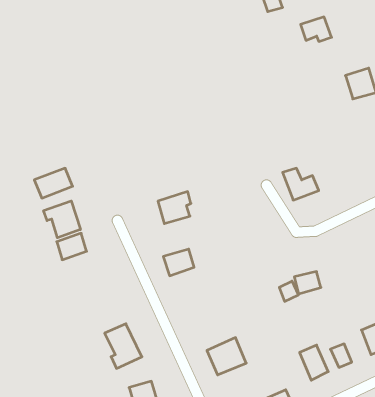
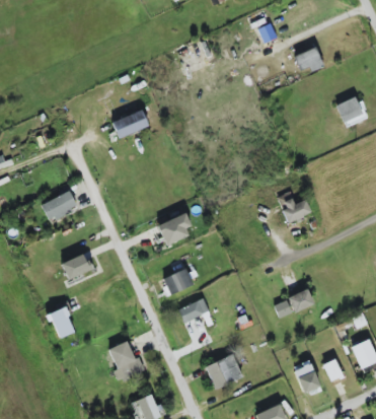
building: none -> [111,110,148,138]
building: [44,201,80,238] -> none
building: none -> [178,297,210,323]
building: none -> [48,307,74,339]

